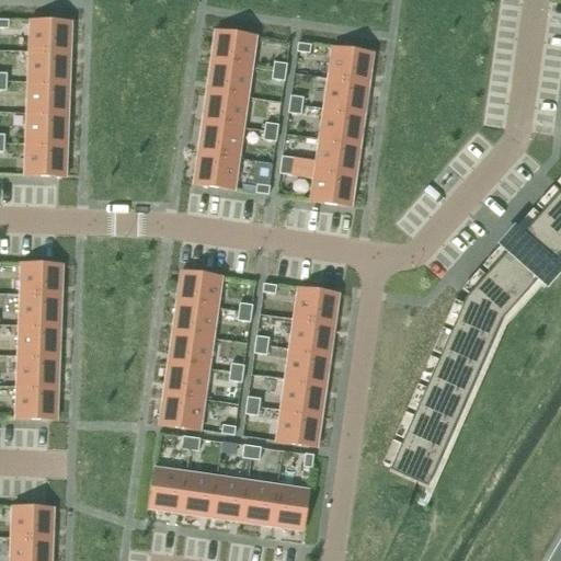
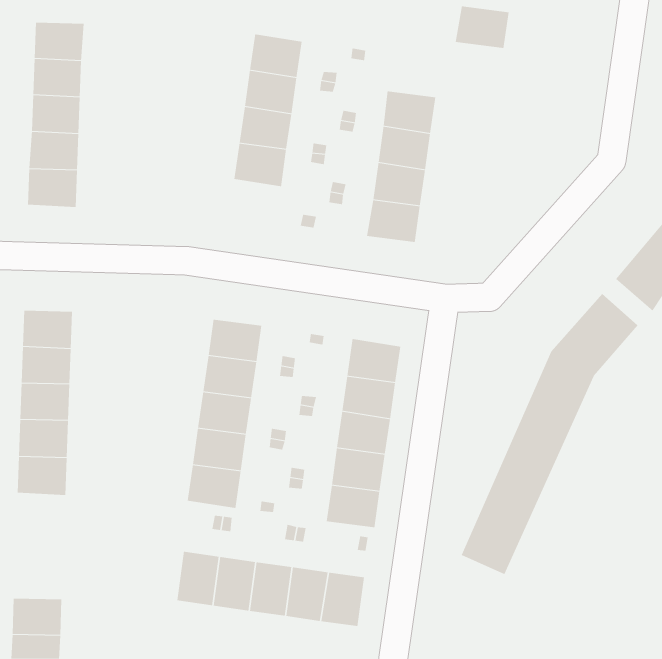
building: [328,46,374,82] -> [455,6,509,49]
building: [194,151,239,188] -> none

